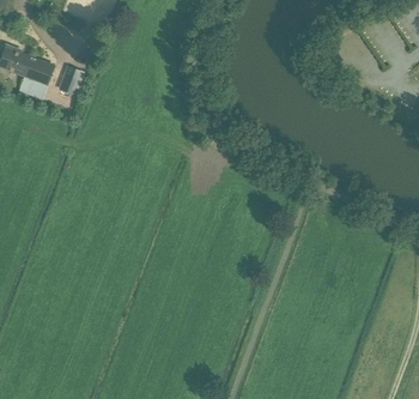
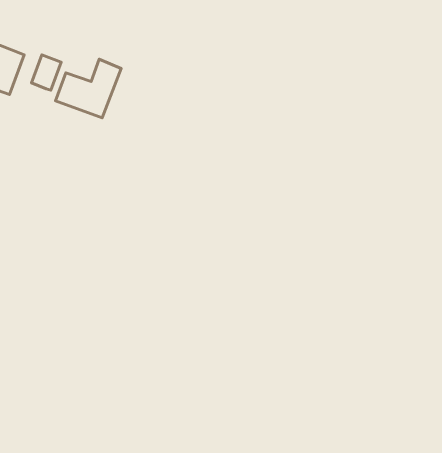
building: none -> [56,59,121,118]

